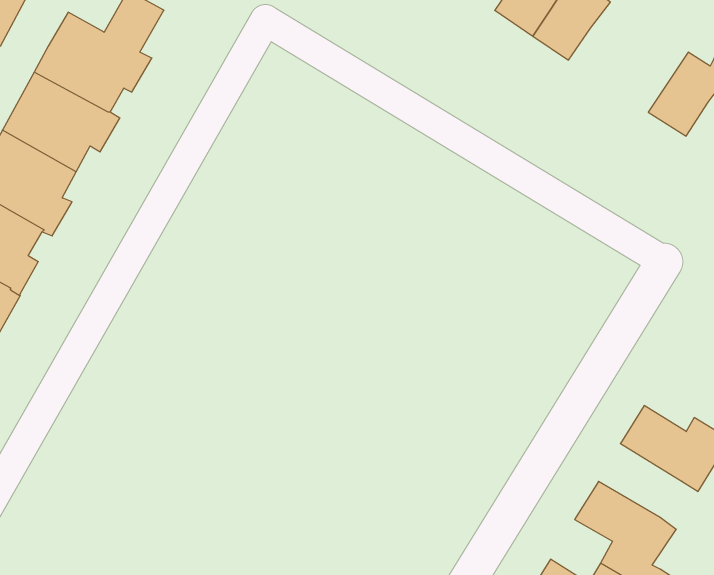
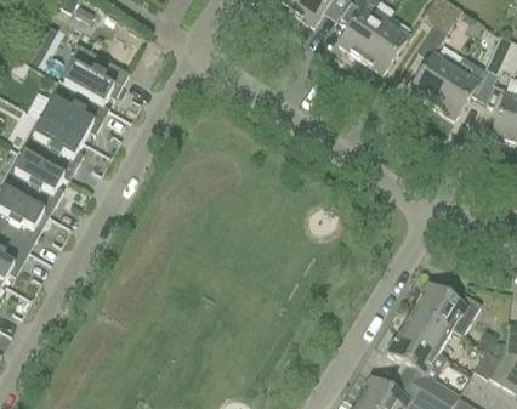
building: none -> [409,49,459,104]
building: none -> [402,306,453,351]

